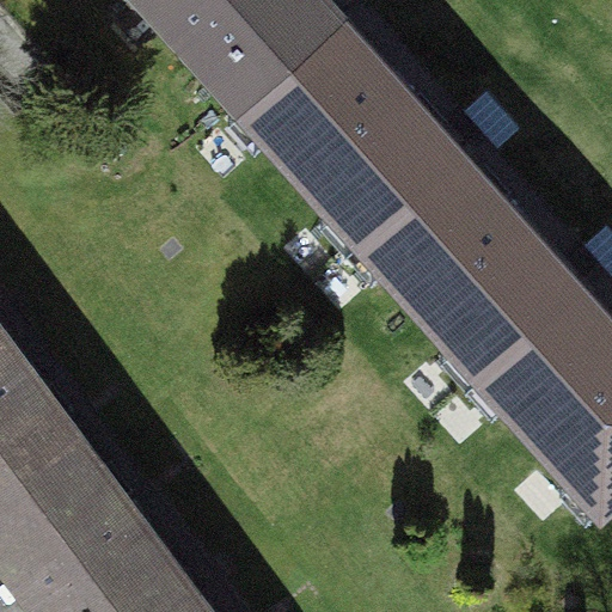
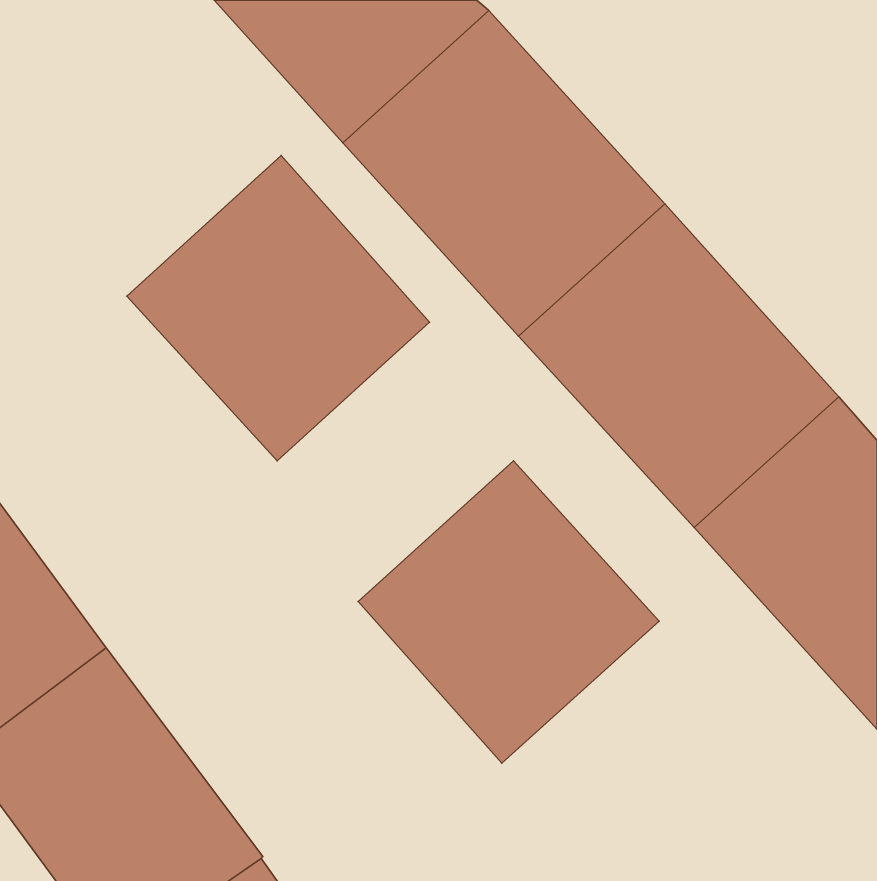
building: none -> [127,156,430,461]
building: none -> [358,461,659,763]

